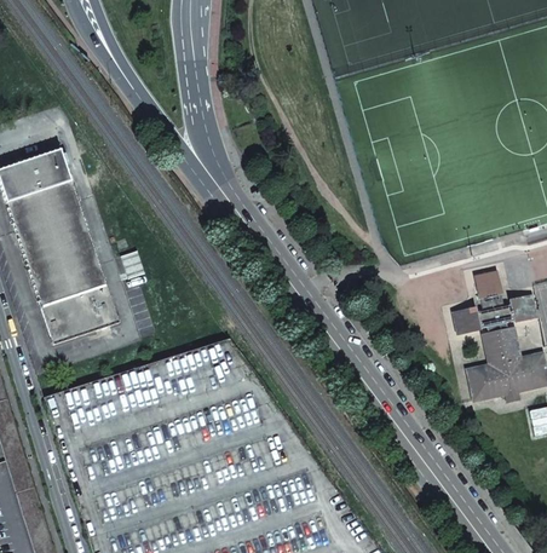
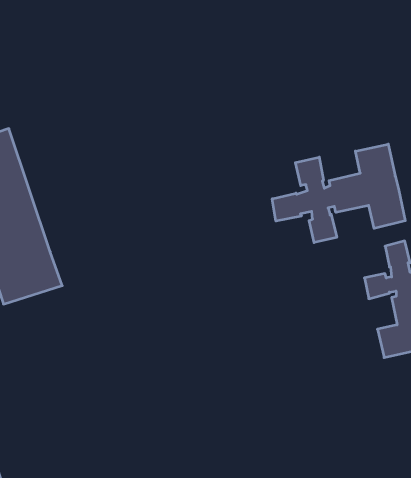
building: none -> [272,144,405,243]

